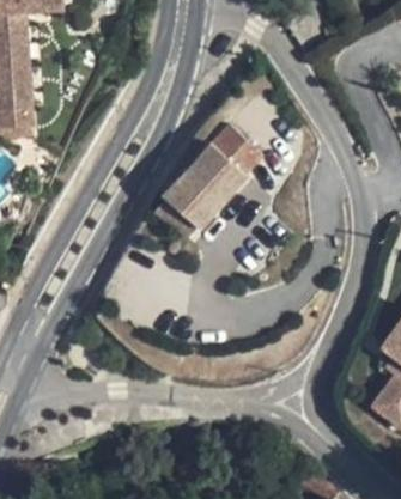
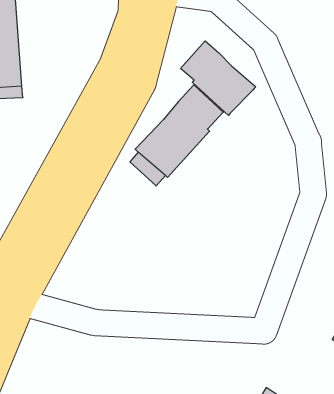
building: none -> [181,41,256,115]

